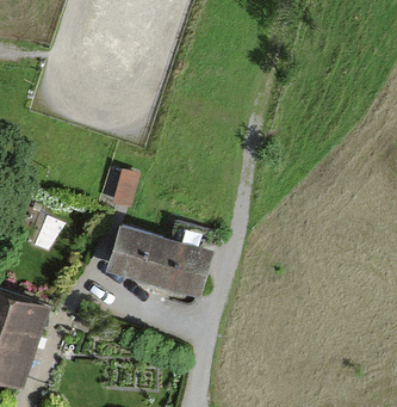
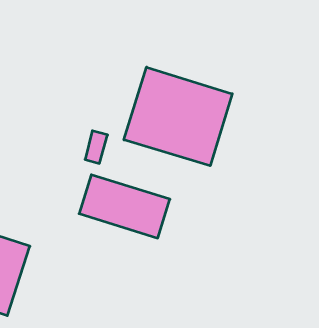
building: none -> [124,67,232,166]

